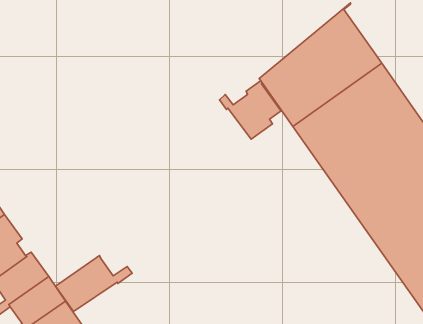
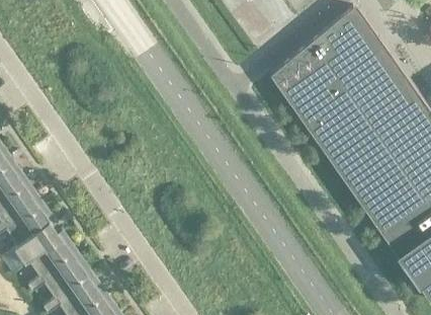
building: [219,81,281,139] -> none
building: [55,256,132,312] -> none

